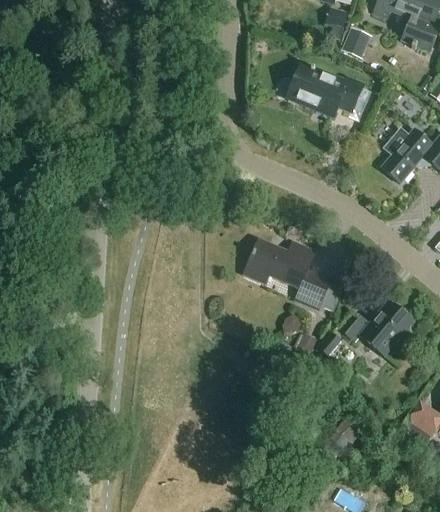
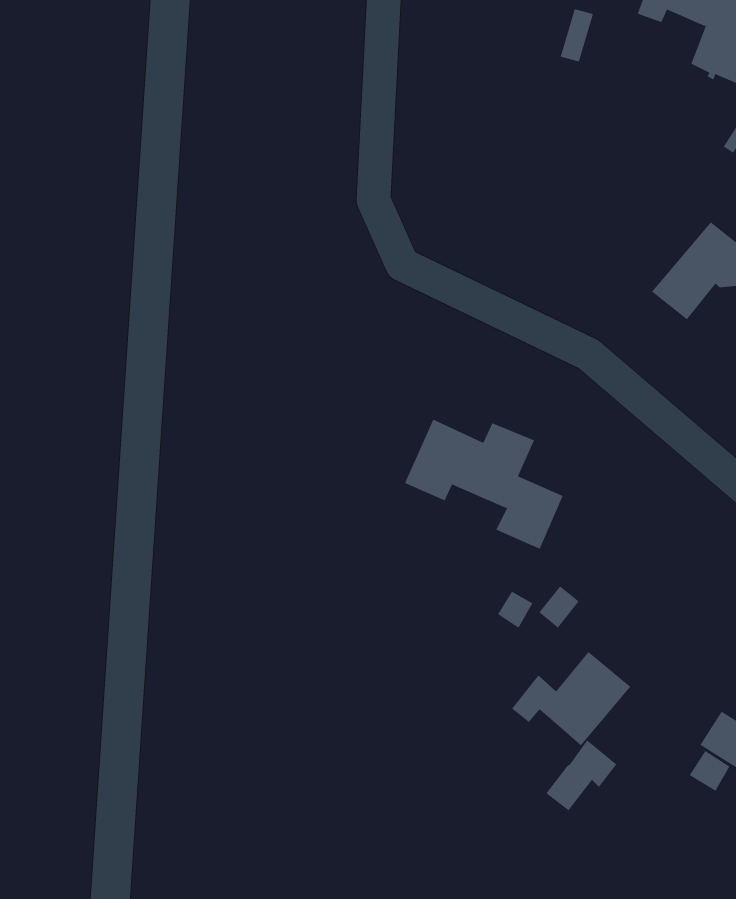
building: [340,27,370,58] -> none
building: [287,63,361,116] -> none
building: [344,301,411,354] -> [511,651,631,746]

